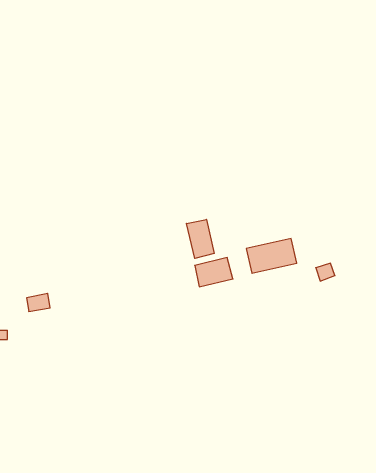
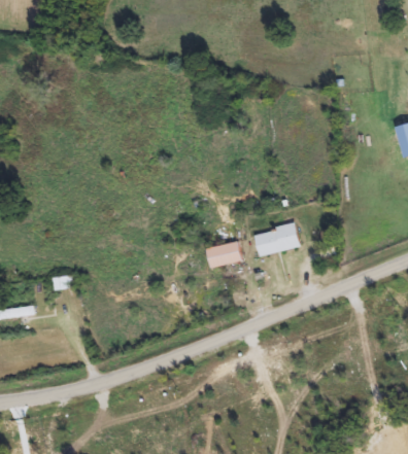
building: [186,219,214,258] -> none

